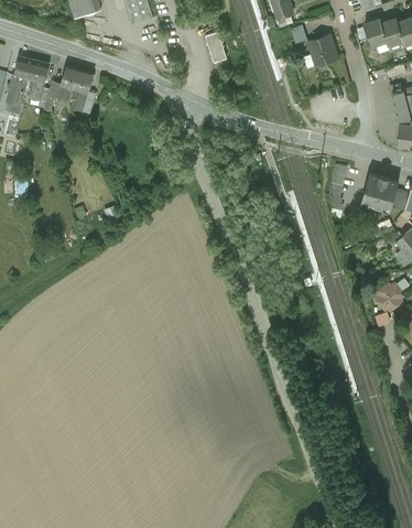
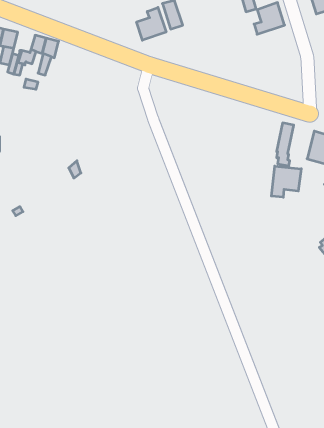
building: none -> [137,7,166,40]
building: none -> [271,166,301,197]

